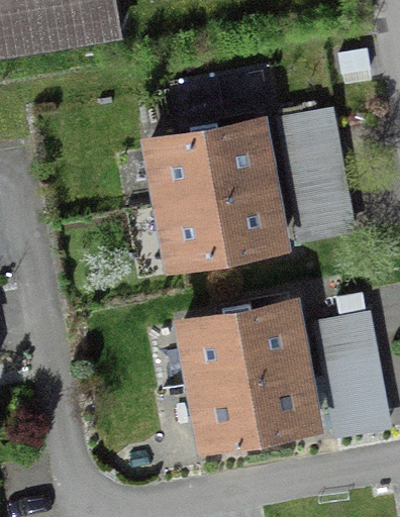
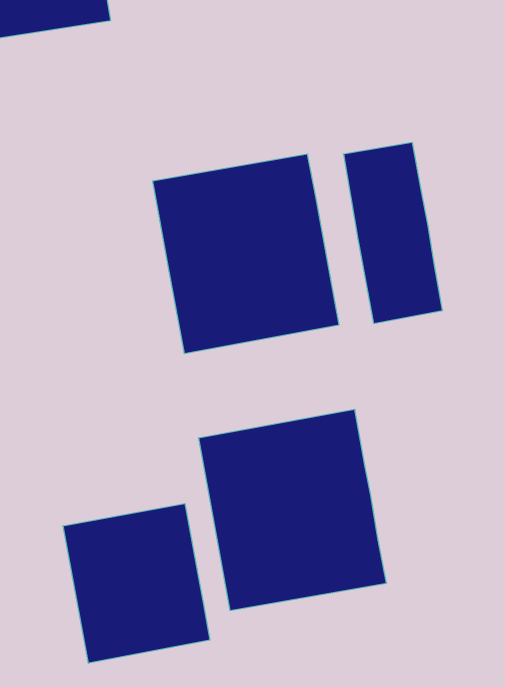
building: [320,319,389,438] -> none
building: none -> [63,504,210,663]

